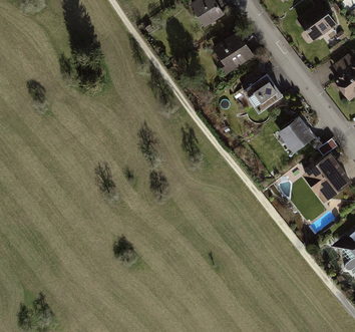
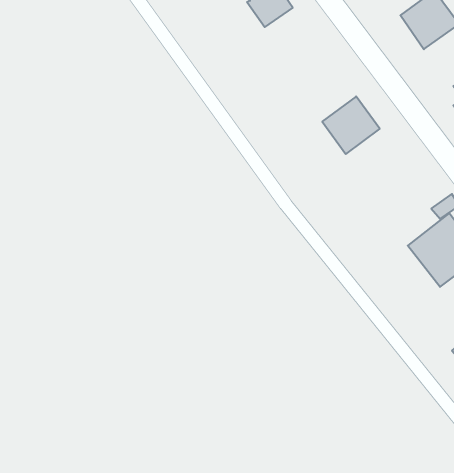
building: [214,31,254,73] -> none
building: [278,116,315,152] -> none

